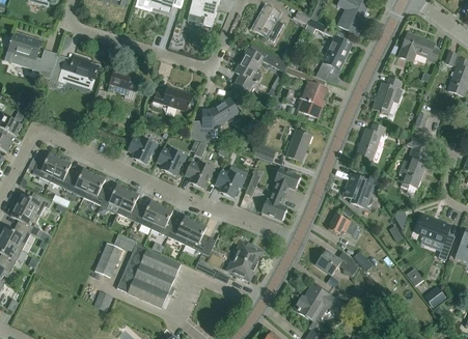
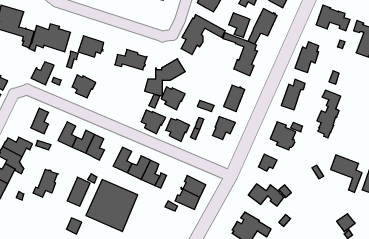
building: none -> [229,13,250,38]
building: [128,136,157,164] -> [72,75,96,98]
building: [157,147,186,175] -> [161,87,185,110]
building: [32,153,60,181] -> [31,62,54,85]
building: [66,169,94,197] -> none
building: [261,191,286,220] -> none
building: [134,200,162,228] -> none
building: none -> [33,169,58,197]

